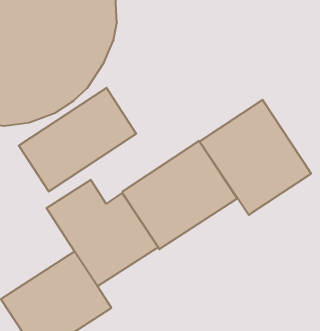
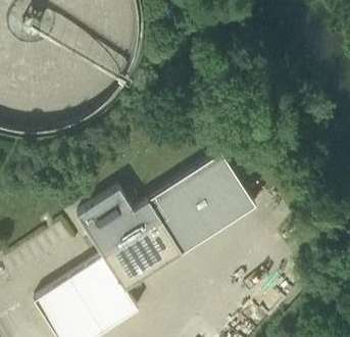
building: [19,88,136,192] -> none
building: [200,100,311,215] -> none

